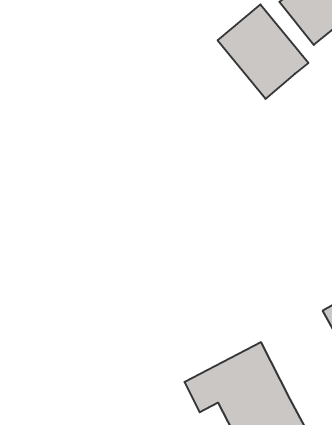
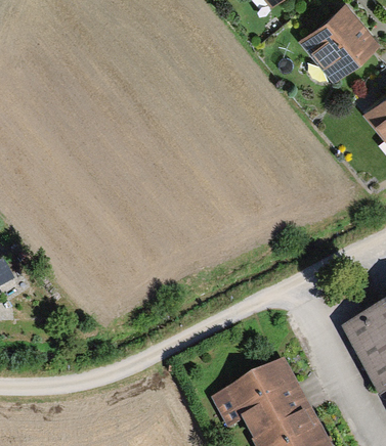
building: [218,4,308,99] -> none

